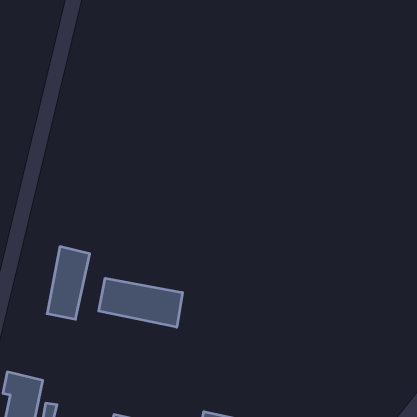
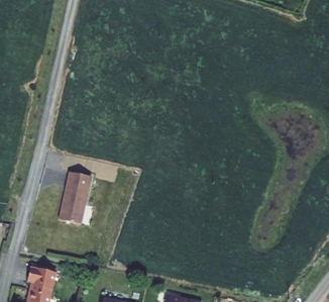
building: [99,278,182,327] -> none

